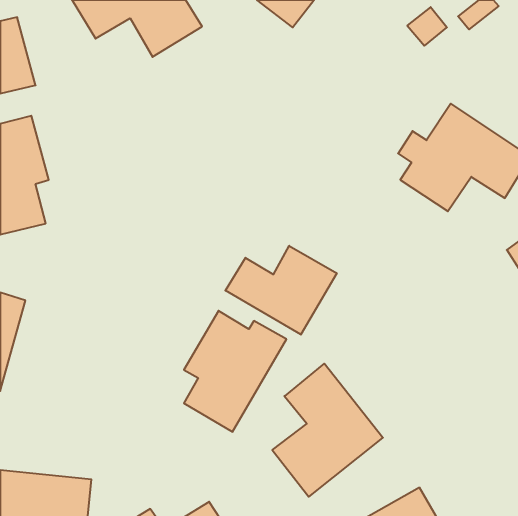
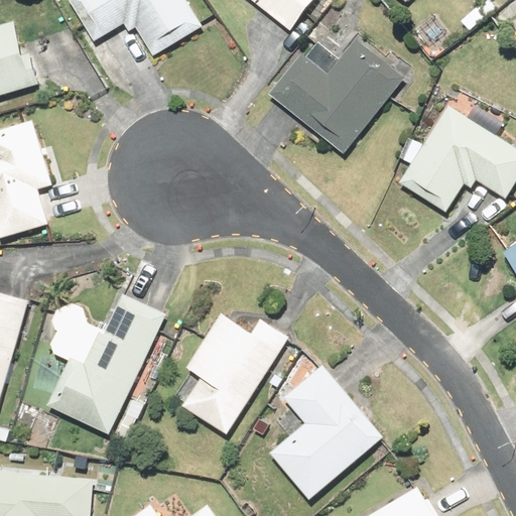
building: none -> [264,34,406,155]
building: [225,246,337,335] -> none
building: none -> [46,294,163,434]

